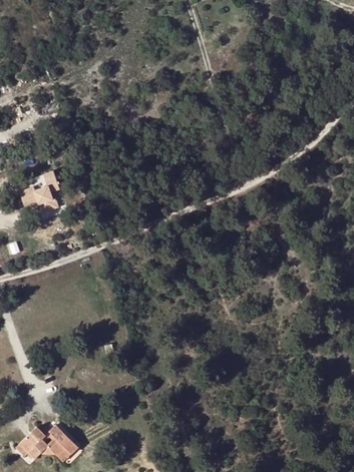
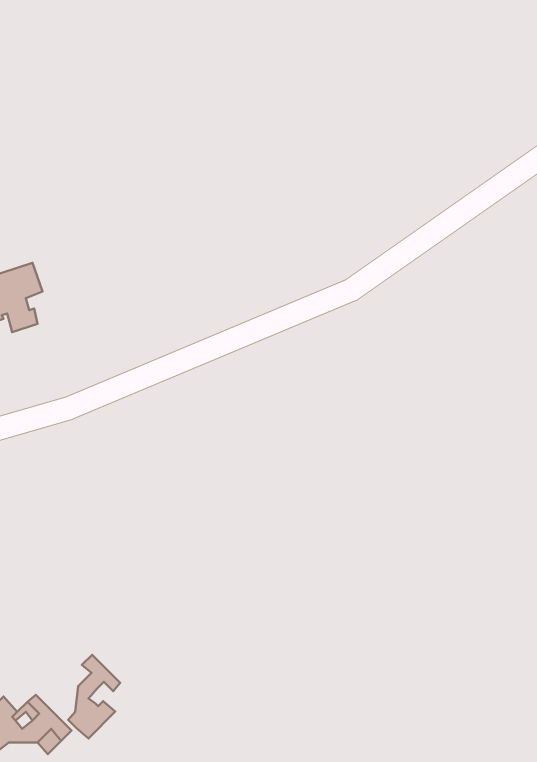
building: none -> [68,655,120,738]

